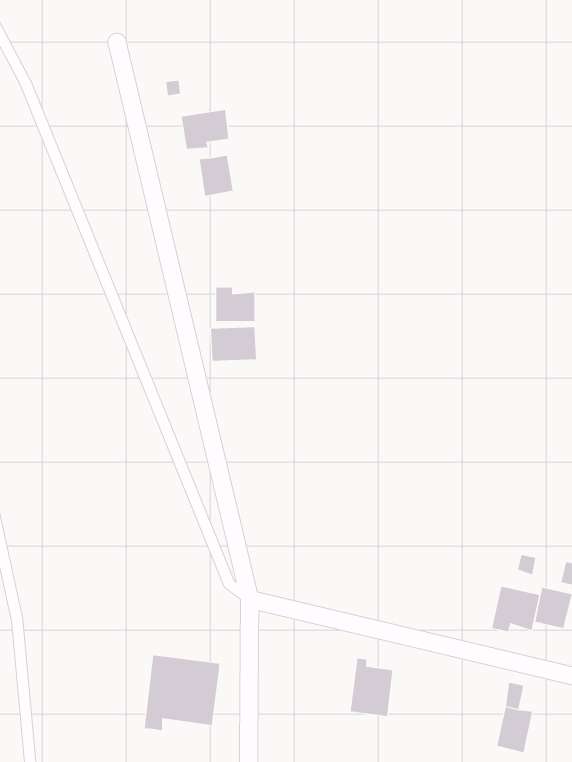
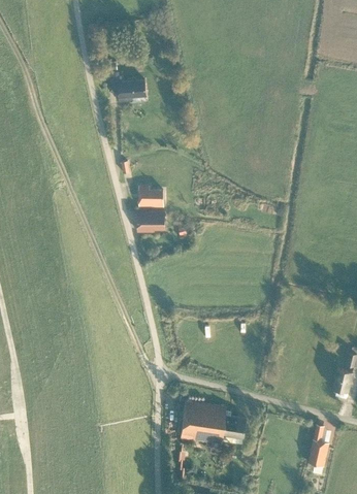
building: [199,155,233,196] -> none
building: [492,586,540,632] -> none
building: [144,655,220,731] -> [180,402,225,448]

